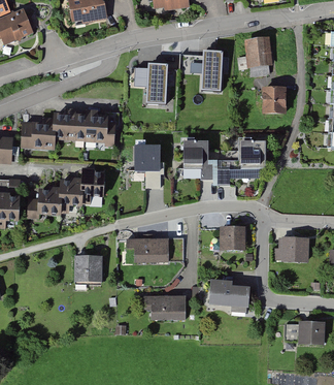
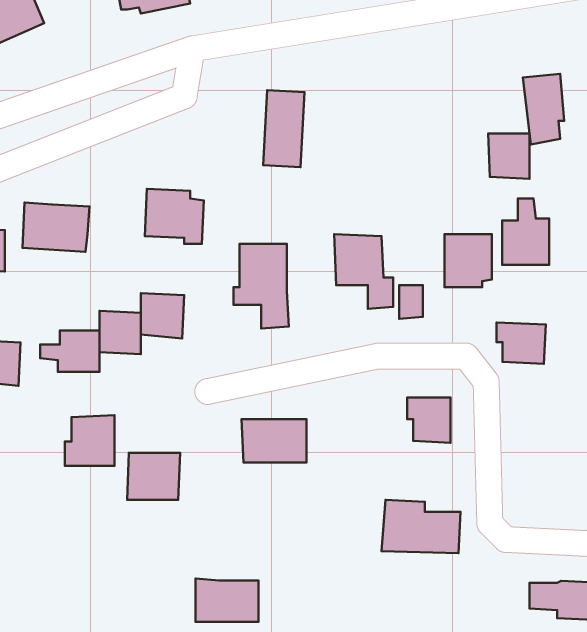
building: [247,38,269,75] -> [523,74,564,145]
building: [200,53,223,92] -> none
building: [54,116,85,141] -> none
building: none -> [502,199,549,265]
building: none -> [65,415,115,466]
building: [280,237,306,259] -> [497,323,546,364]
building: [152,295,185,318] -> [195,579,259,622]

